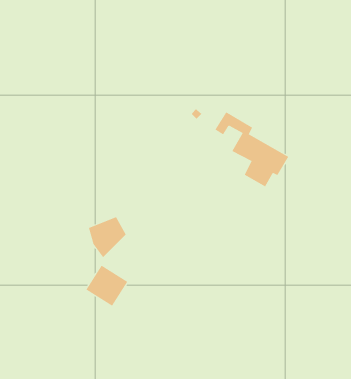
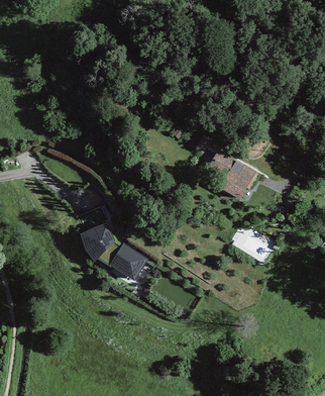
building: [85,265,128,307] -> [109,242,147,280]

